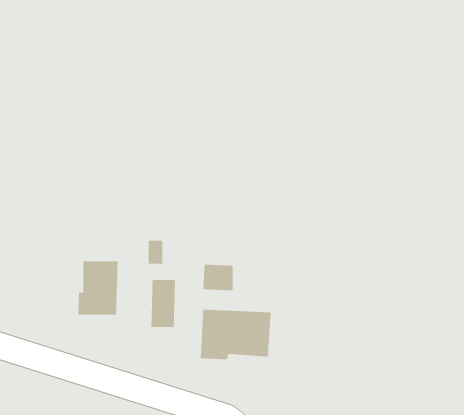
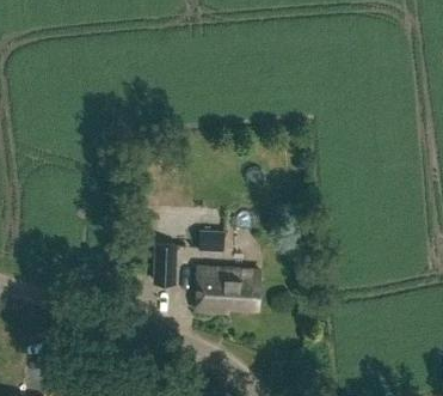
building: [78,260,118,316] -> none

